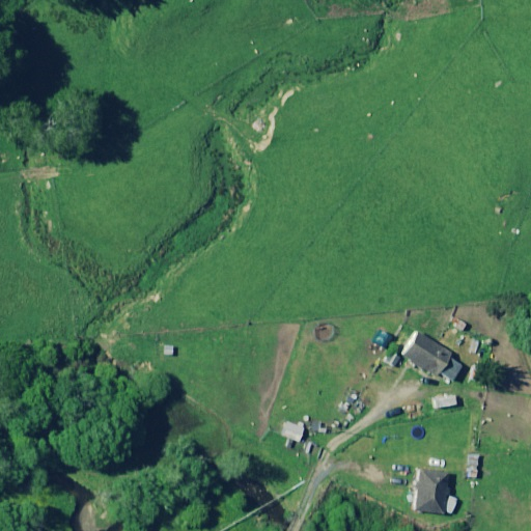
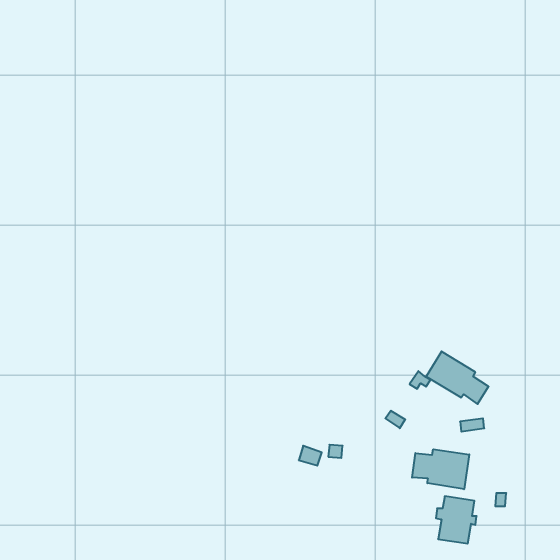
building: none -> [412,449,469,489]

